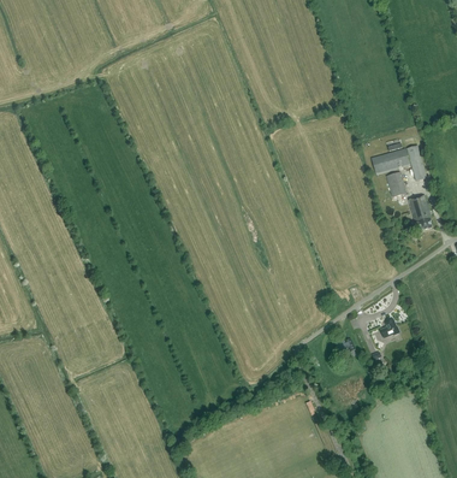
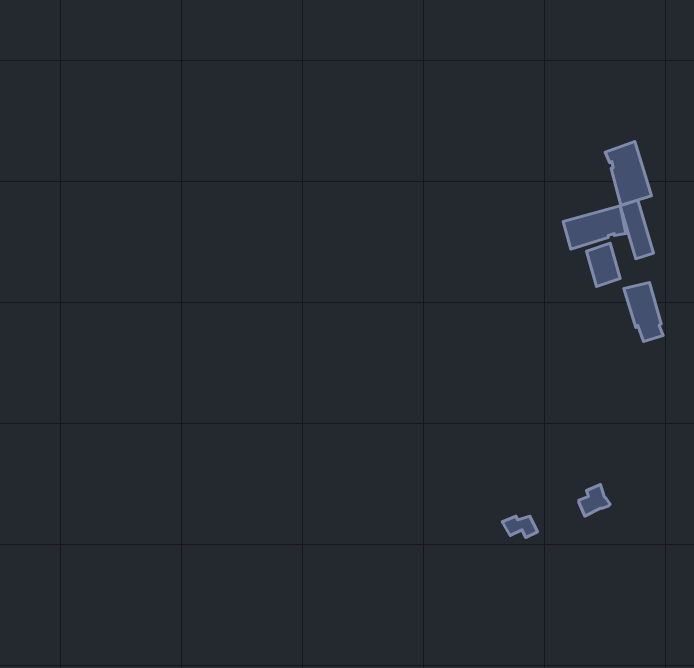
building: none -> [605,141,652,205]

